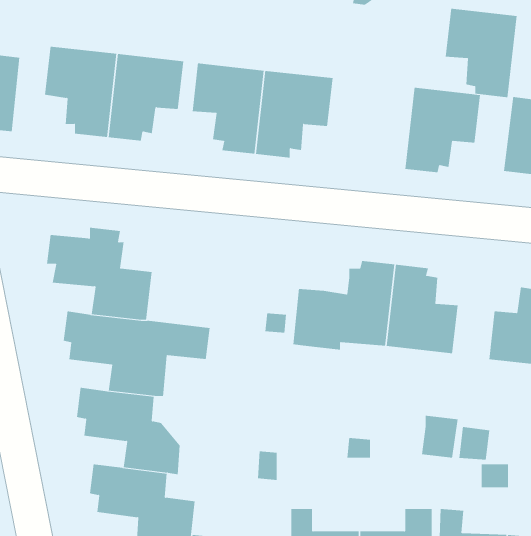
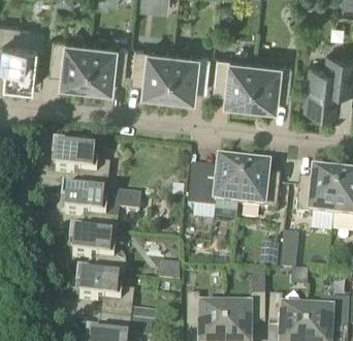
building: [445,8,518,98] -> [215,59,255,109]

